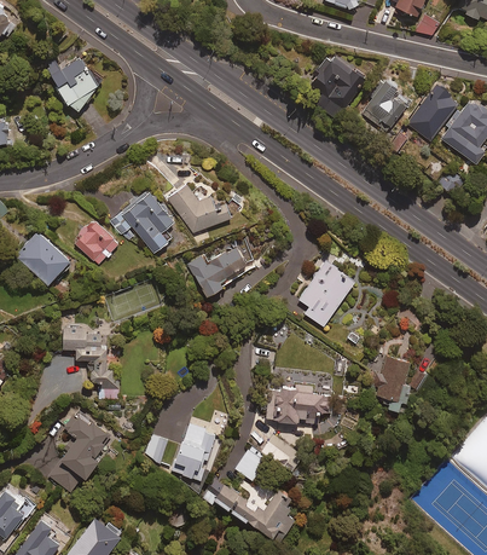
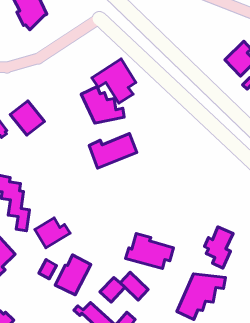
building: [311,60,365,123] -> none
building: [112,192,175,255] -> [92,59,136,103]
building: [298,259,353,324] -> none
building: none -> [35,218,70,248]
building: none -> [177,274,225,319]

